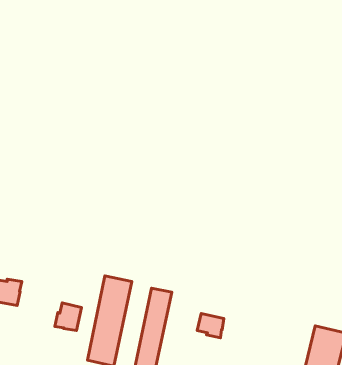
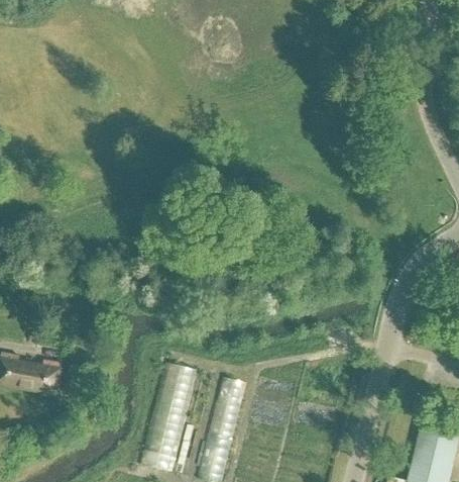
building: [55,303,81,330] -> none
building: [197,314,224,338] -> none

